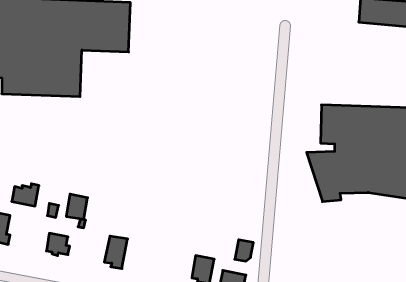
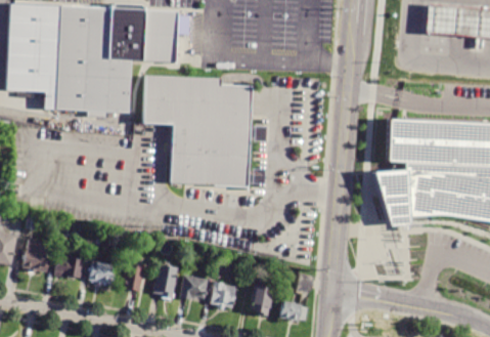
building: none -> [143,73,274,186]
building: [12,184,39,206] -> [55,254,85,279]
building: [66,194,88,219] -> [121,263,144,291]
building: none -> [180,276,208,300]
building: none -> [211,282,237,310]

